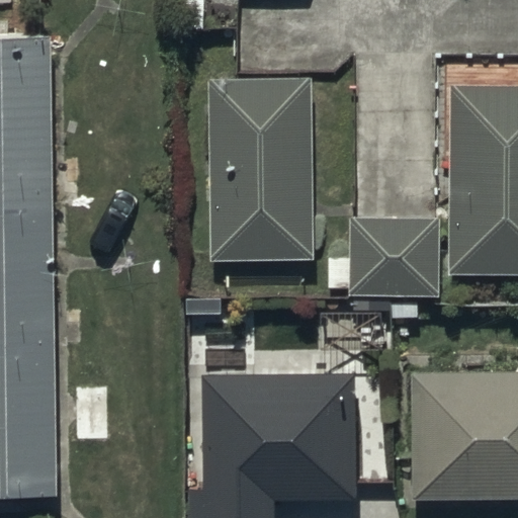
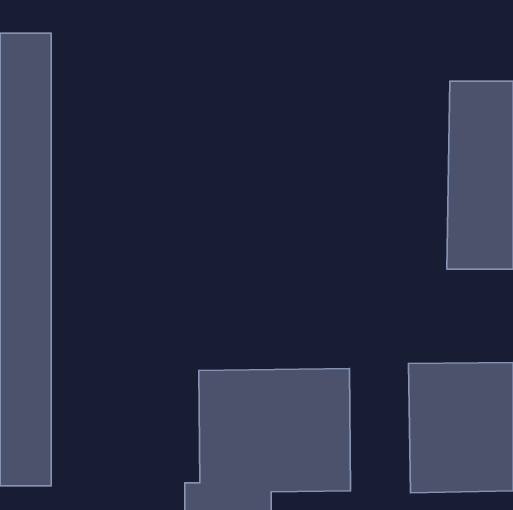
building: [206,80,314,261] -> none
building: [327,219,438,294] -> none

